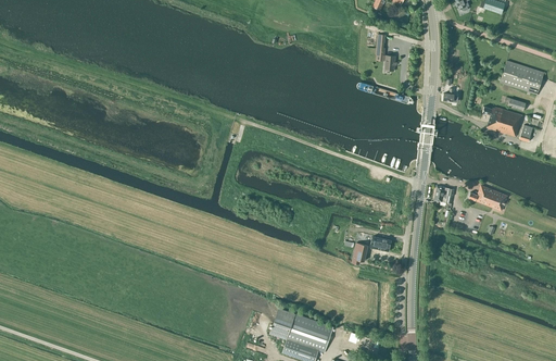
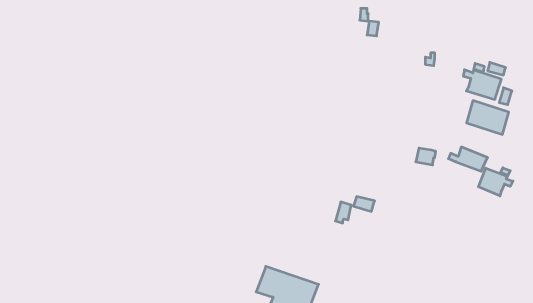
building: [500,60,543,95] -> [467,101,509,134]
building: none -> [478,168,513,196]

